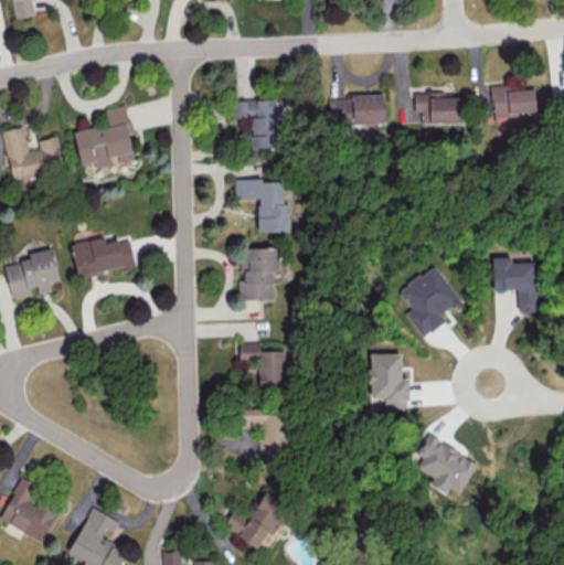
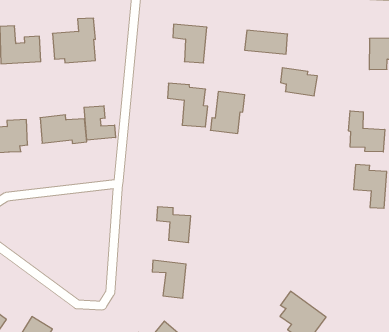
building: [415,92,462,124] -> [281,68,317,96]
building: none -> [349,111,385,152]
building: none -> [84,106,116,140]
building: [238,248,278,300] -> [210,92,245,133]
building: [400,265,461,337] -> none
building: [370,353,409,411] -> none

